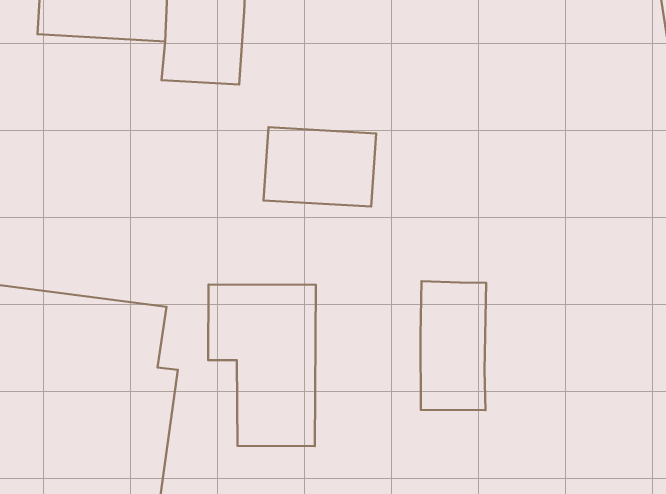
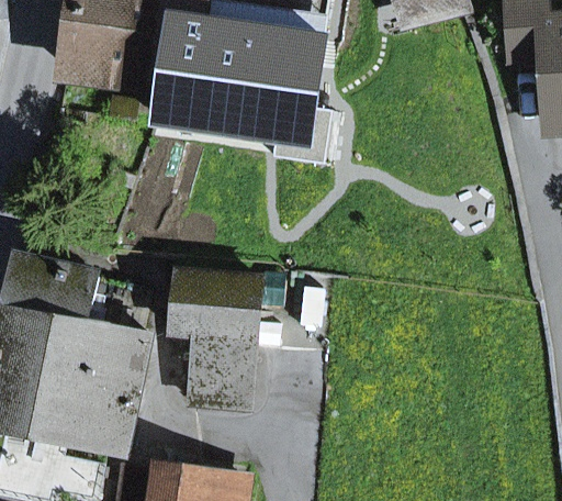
building: [264,127,376,207] -> [216,67,307,135]
building: [421,281,486,410] -> none

